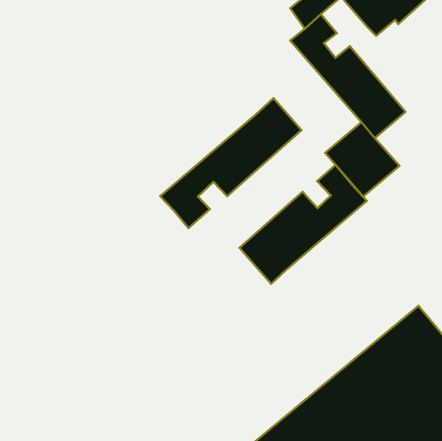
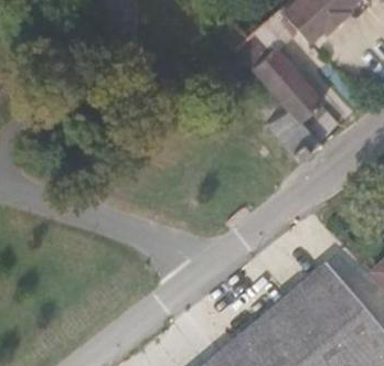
building: [160,98,302,228] -> none
building: [240,165,367,284] -> none

